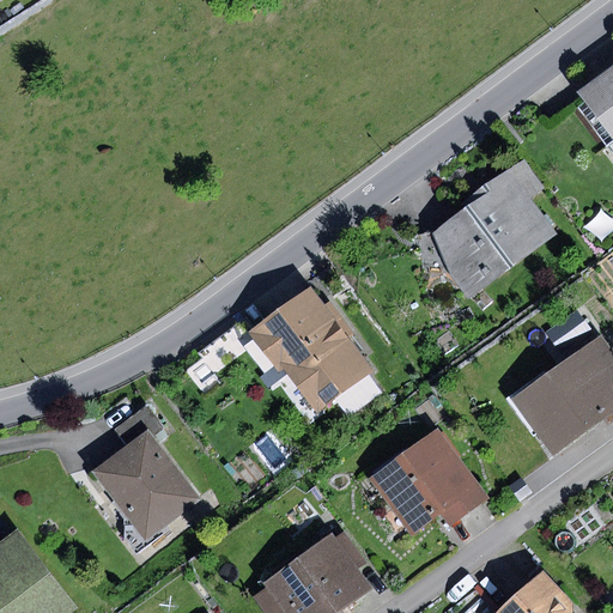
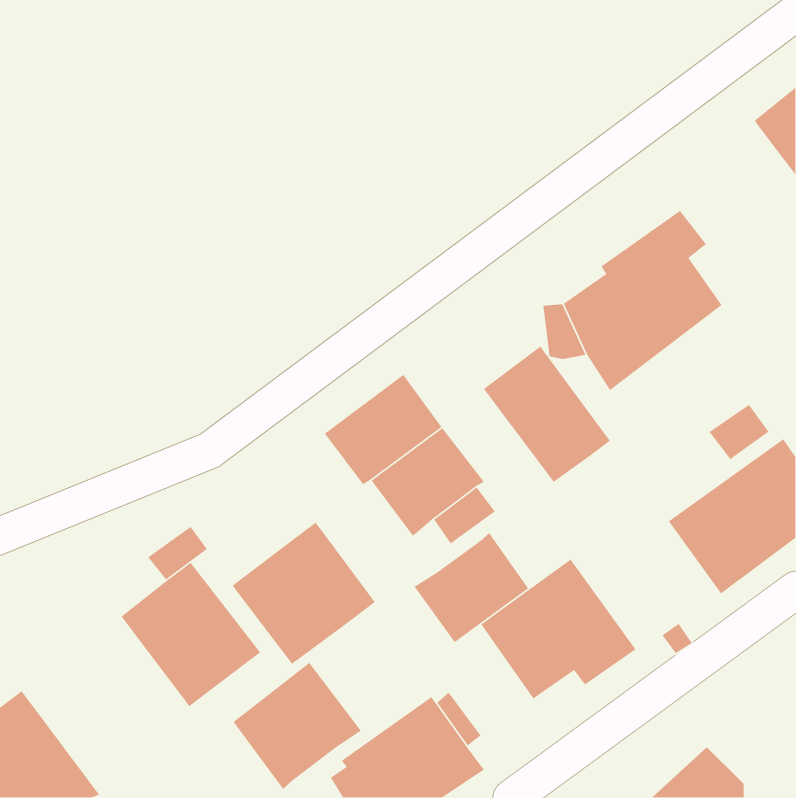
building: none -> [483,345,611,483]
building: none -> [231,521,376,665]
building: none -> [414,532,529,643]
building: none -> [232,662,362,790]

